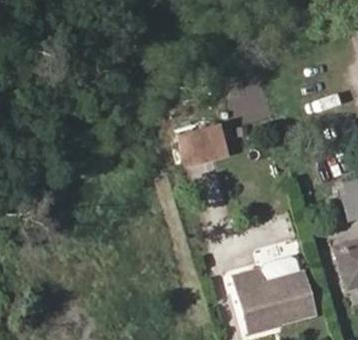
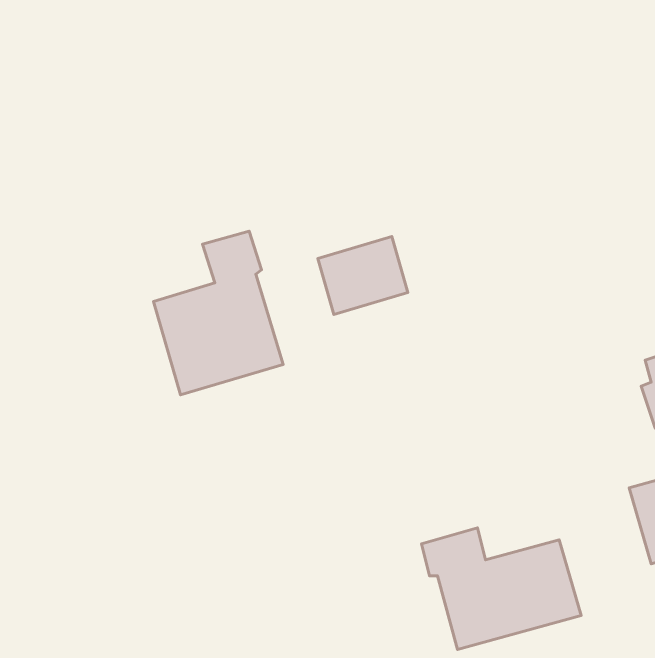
building: none -> [154,231,283,395]

